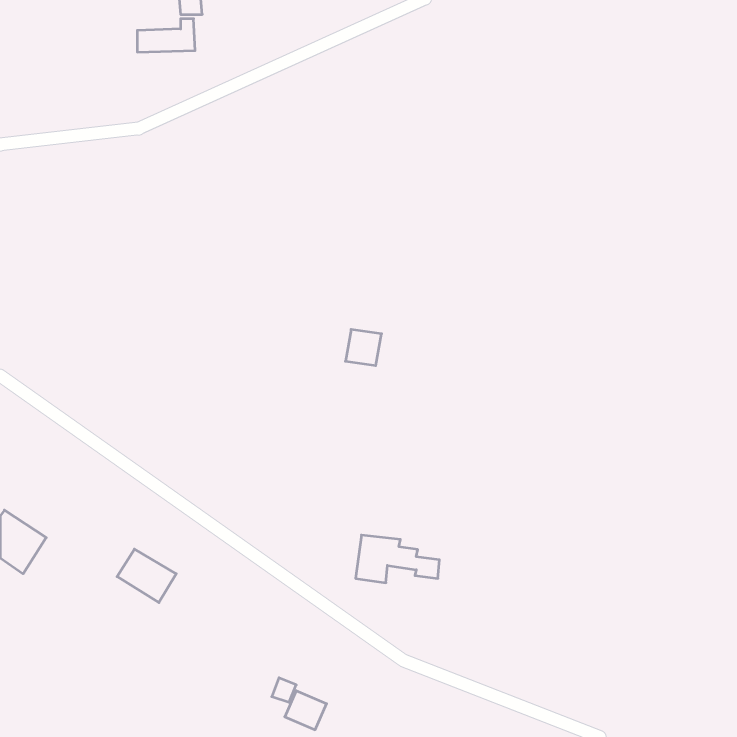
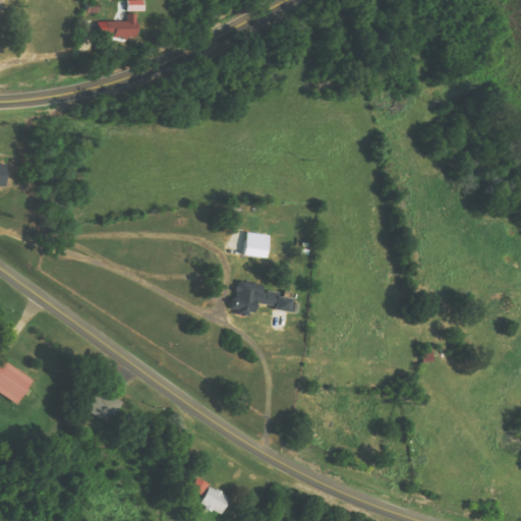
building: [356,535,439,583] -> [234,281,293,314]

